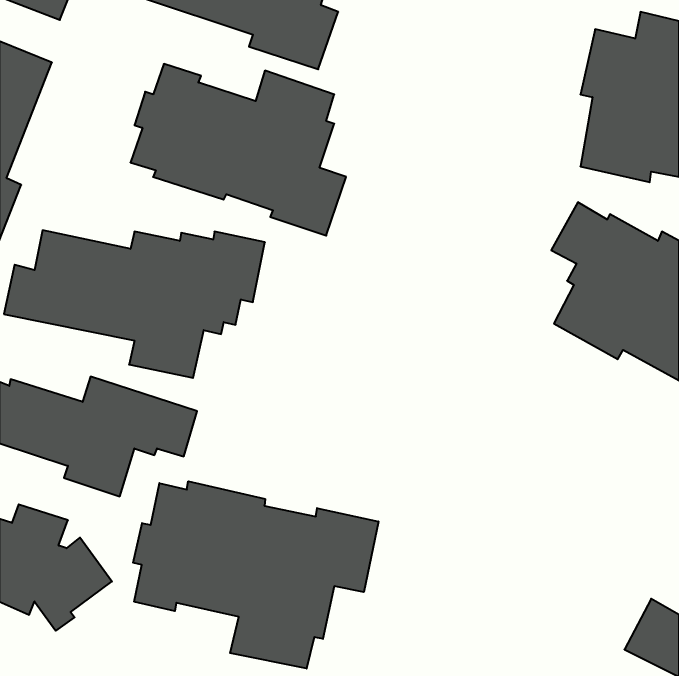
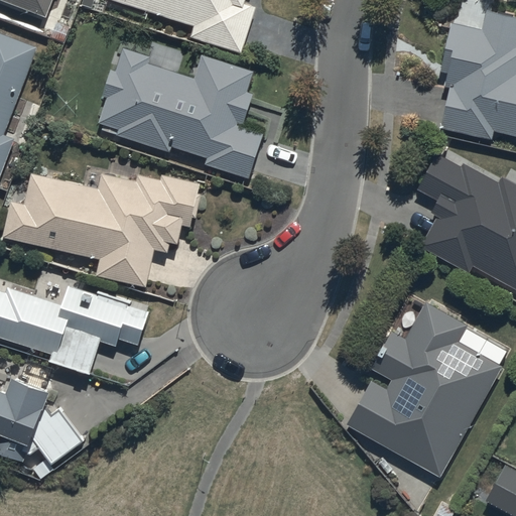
building: none -> [346,302,500,476]
building: [133,481,378,669] -> none

